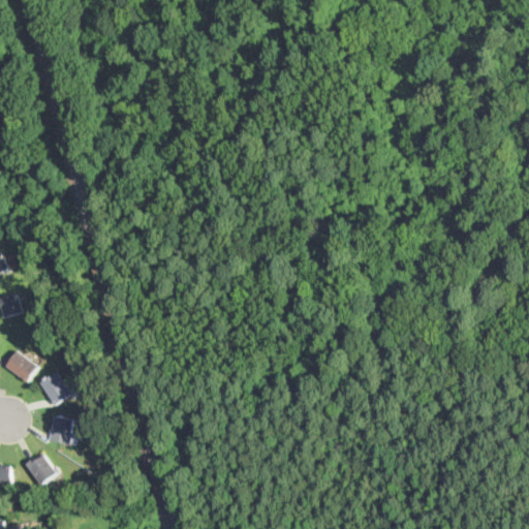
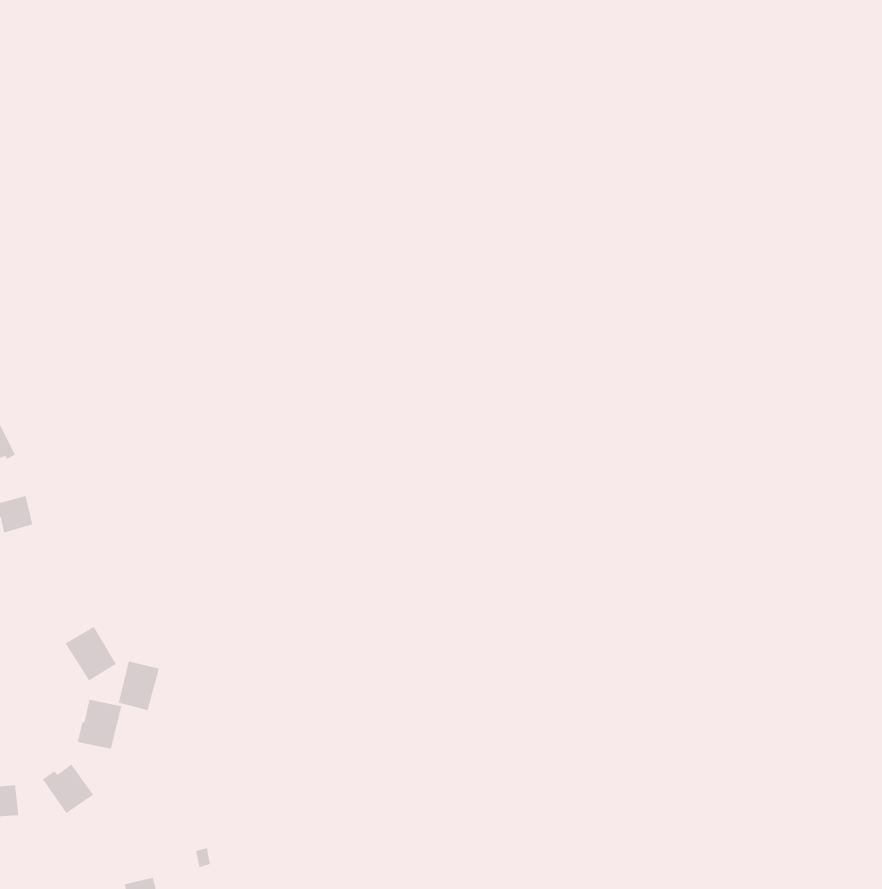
building: [5,351,37,382] -> none
building: none -> [118,660,160,711]

